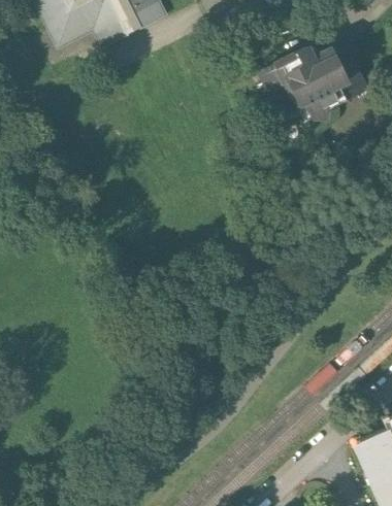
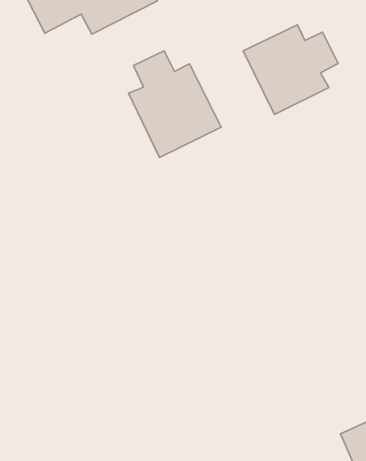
building: none -> [128,51,221,157]

